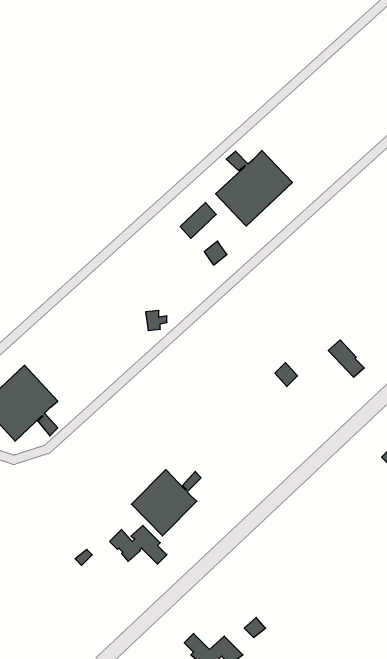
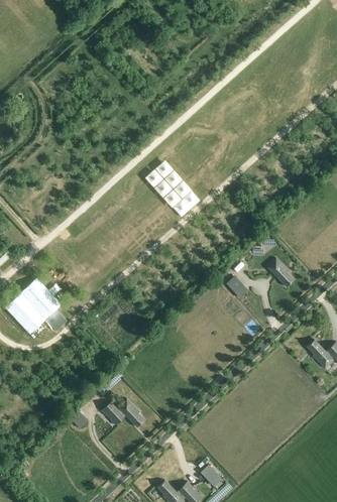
building: [216,150,292,226] -> none
building: [131,470,201,536] -> none

